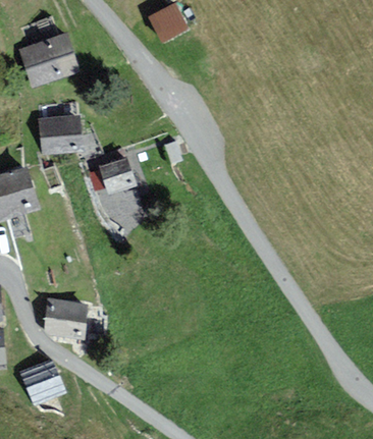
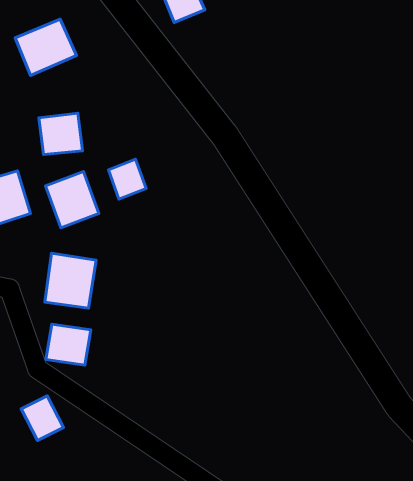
building: none -> [46,171,99,228]
building: none -> [45,253,96,308]

